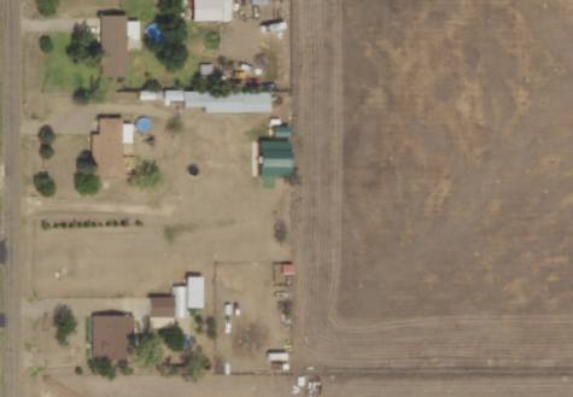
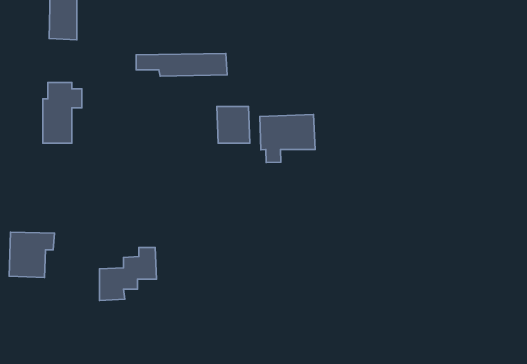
building: none -> [260,115,315,162]
building: [90,315,134,358] -> [9,232,54,277]

